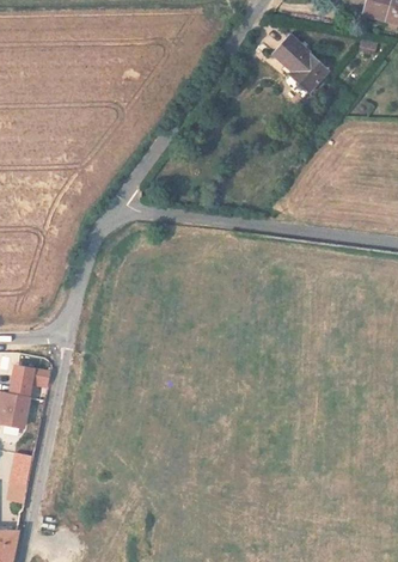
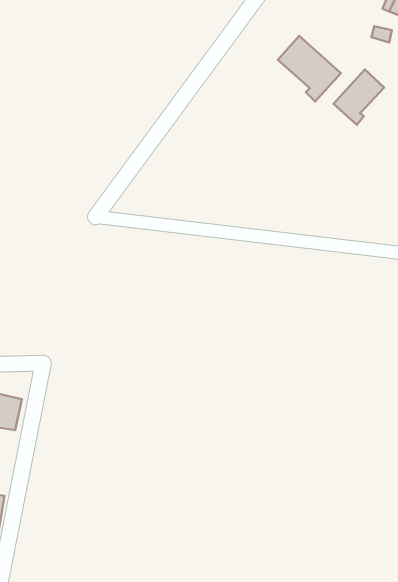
building: none -> [334,69,384,125]

